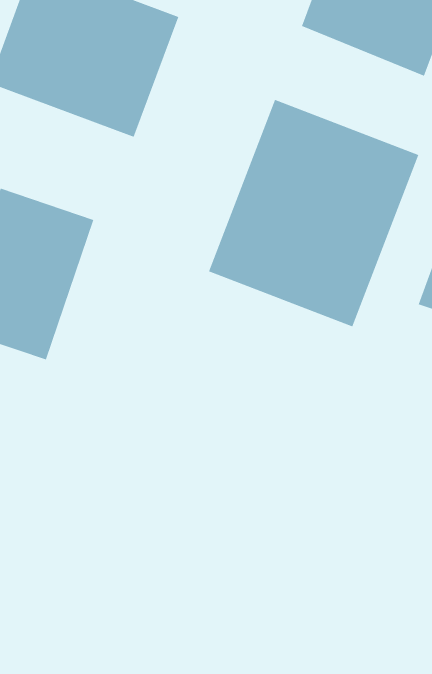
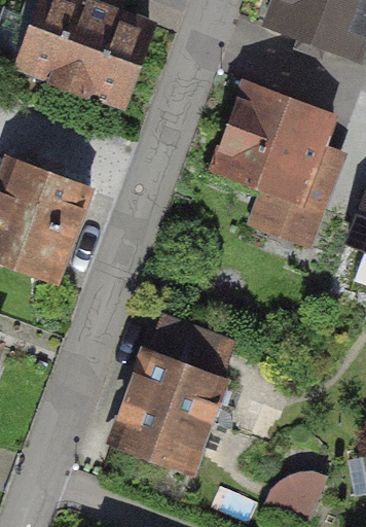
building: none -> [112,332,251,482]

